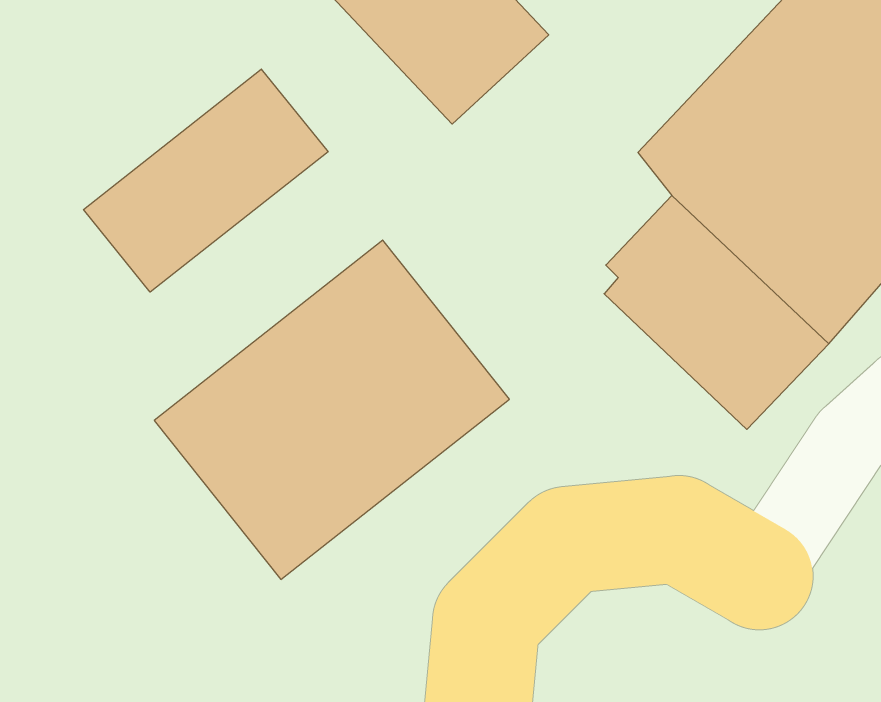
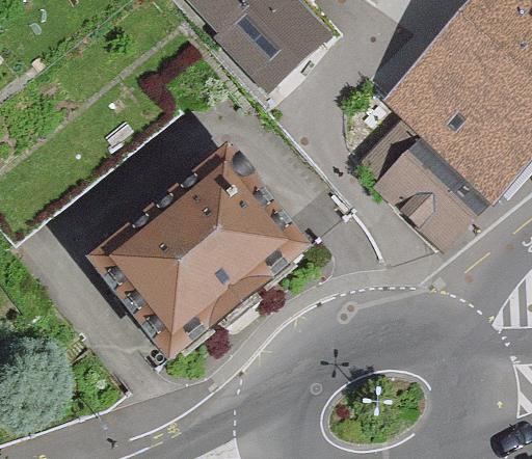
building: [84,69,328,292] -> none

